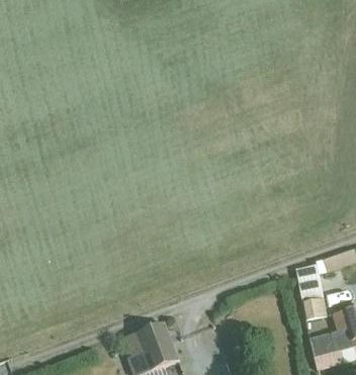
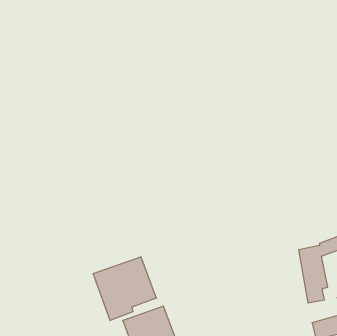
building: none -> [93,257,156,321]

